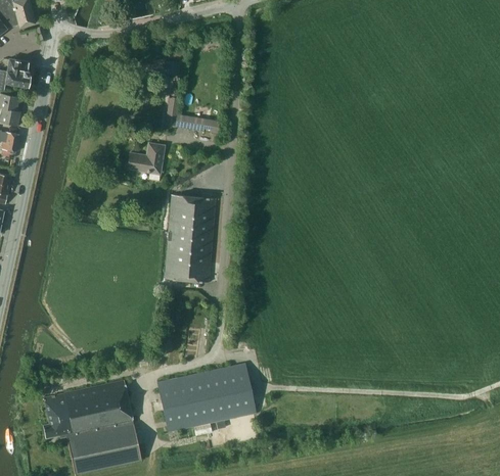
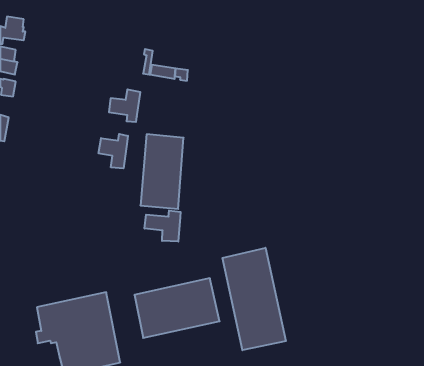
building: none -> [99,134,128,168]
building: none -> [145,210,181,242]
building: none -> [222,248,286,350]

